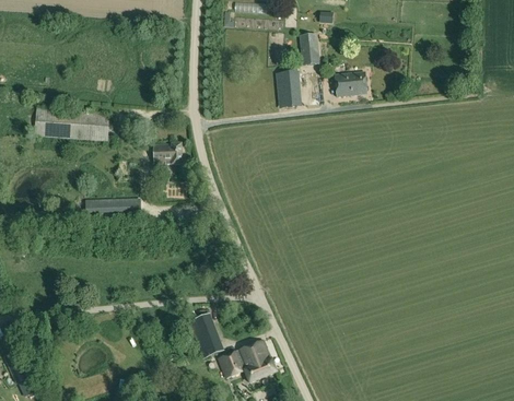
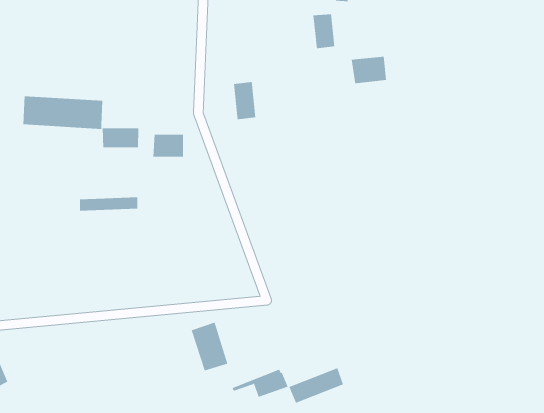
building: [276,71,296,106] -> [233,81,256,120]
building: none -> [102,128,139,148]
building: [219,341,269,374] -> [288,368,344,404]

